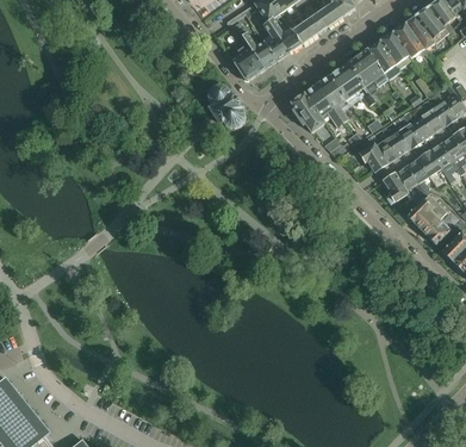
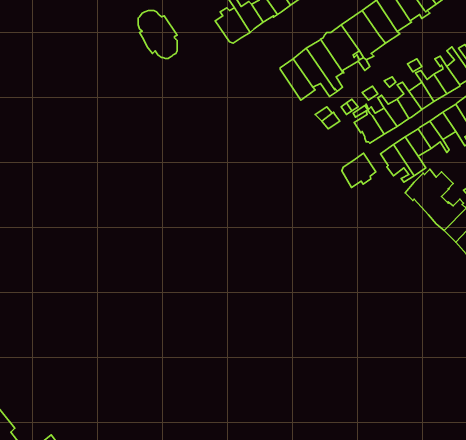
building: [209,85,244,129] -> [138,10,177,59]
building: none -> [342,153,376,188]

